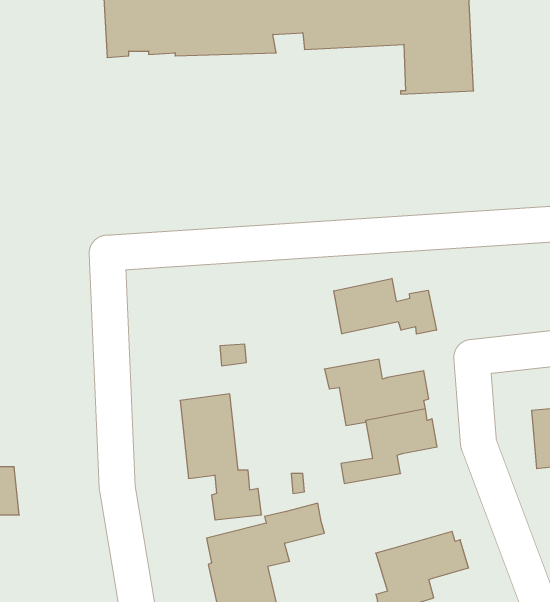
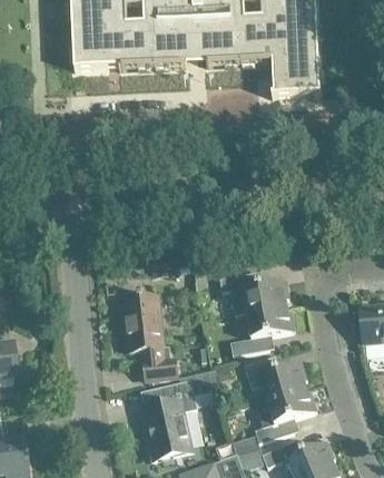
building: [334,278,436,334] -> none
building: none -> [243,358,306,399]

